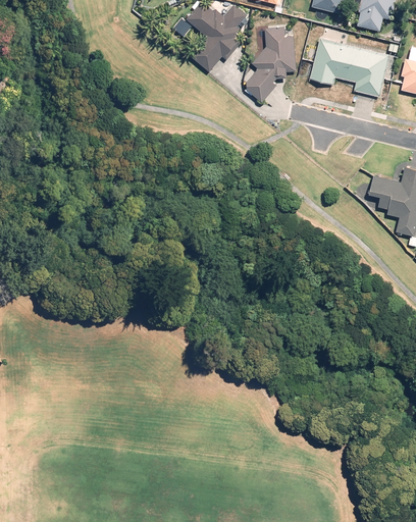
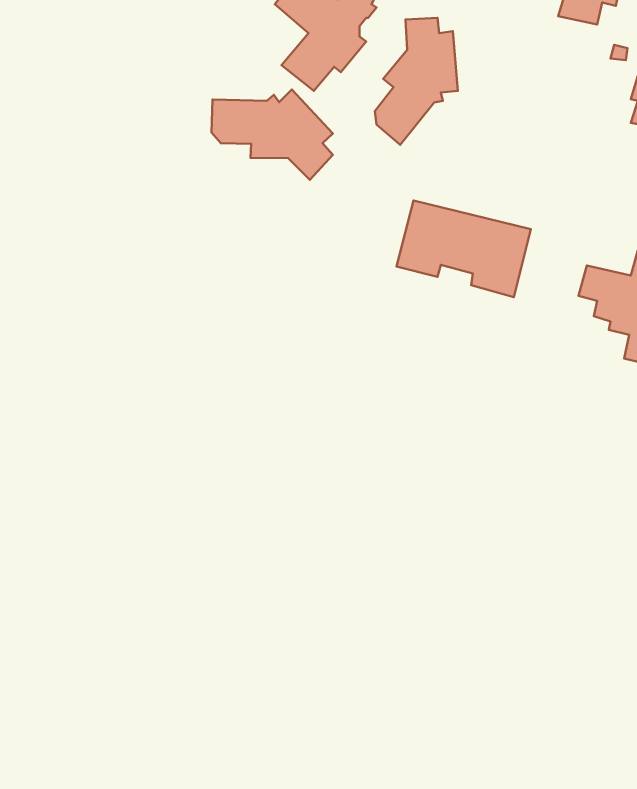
building: [310,39,391,97] -> [397,200,531,297]
building: none -> [212,89,333,180]

